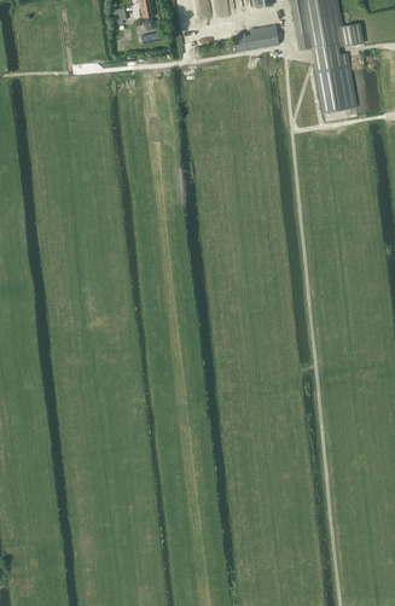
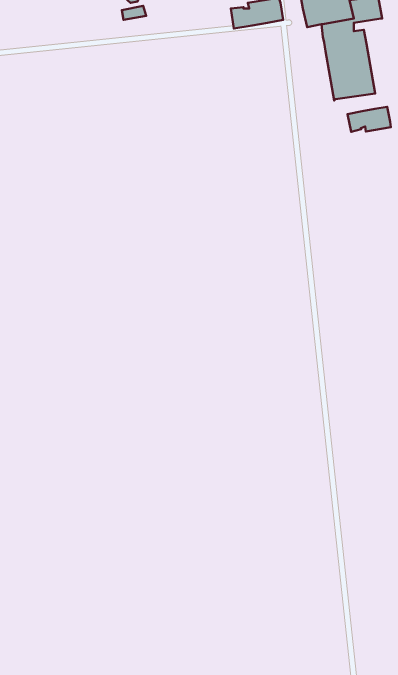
building: none -> [347,107,391,132]

